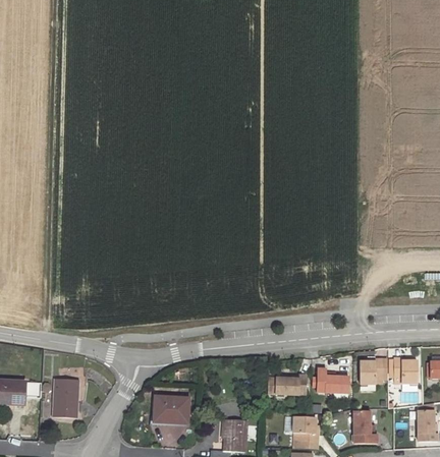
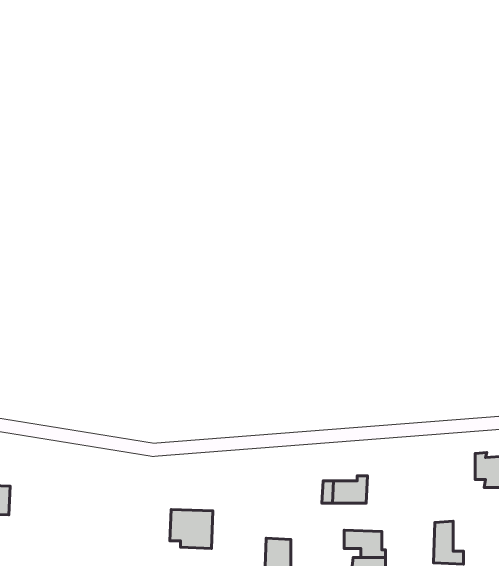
building: [362,355,378,384] -> none
building: [320,369,348,391] -> none
building: [55,380,79,418] -> none

